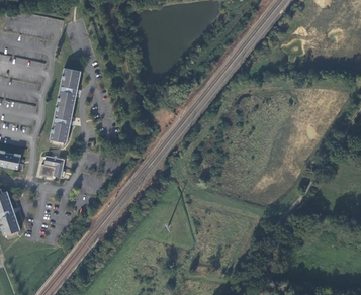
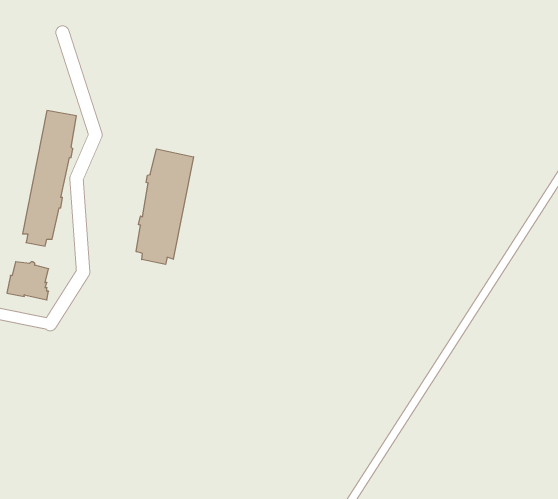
building: none -> [136,149,193,264]

